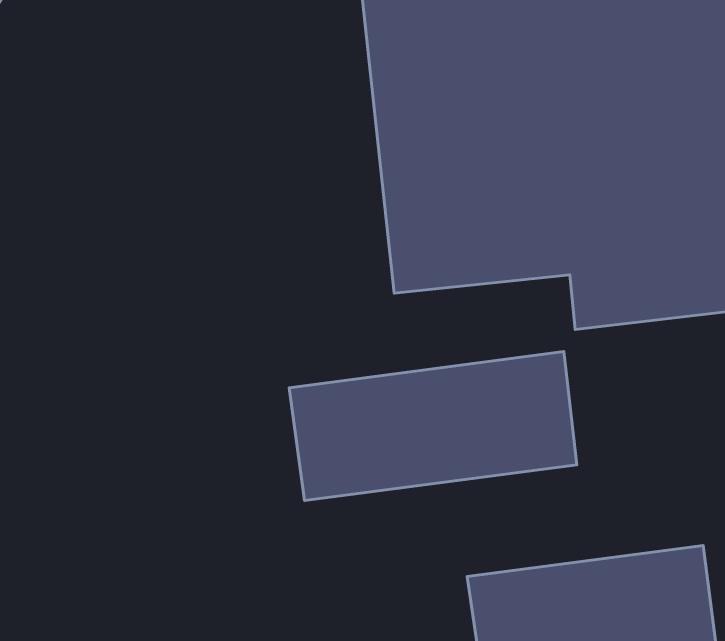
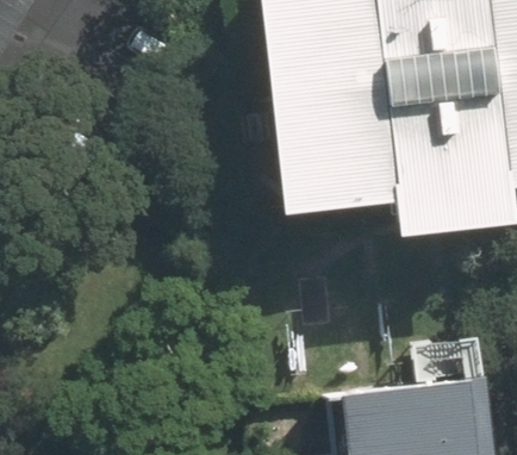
building: [289,351,577,501] -> none

